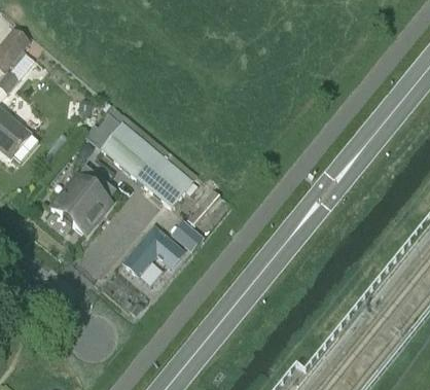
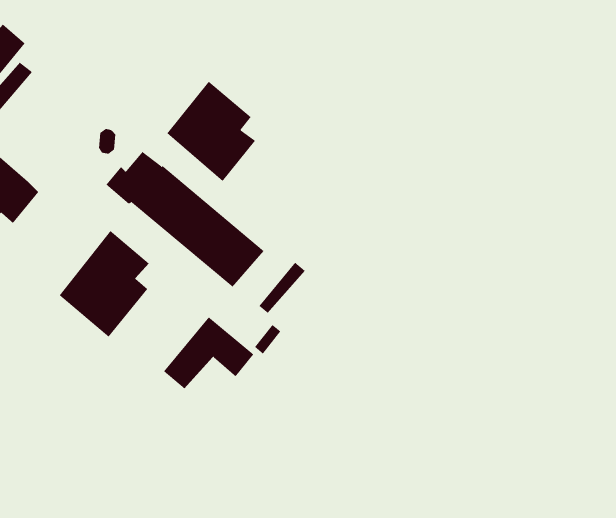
building: none -> [167,81,256,182]

